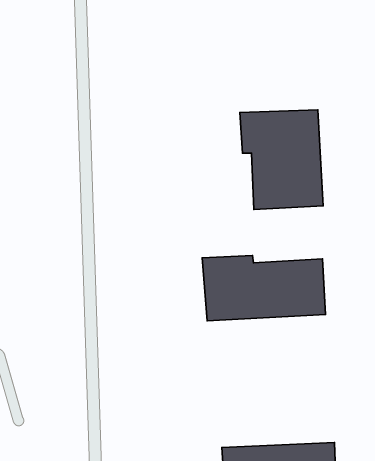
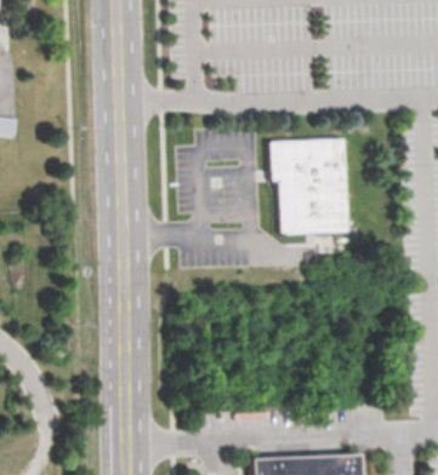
building: [202,256,325,321] -> none

